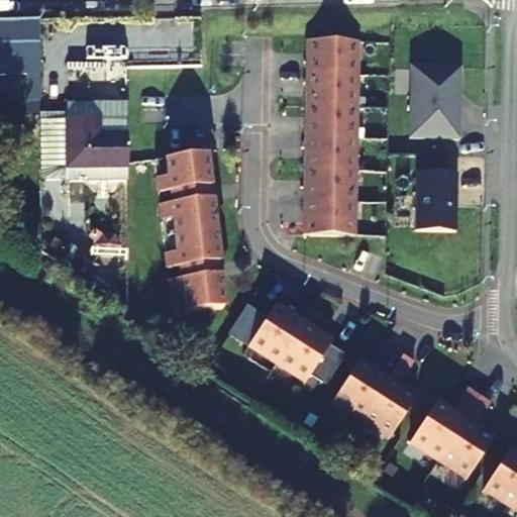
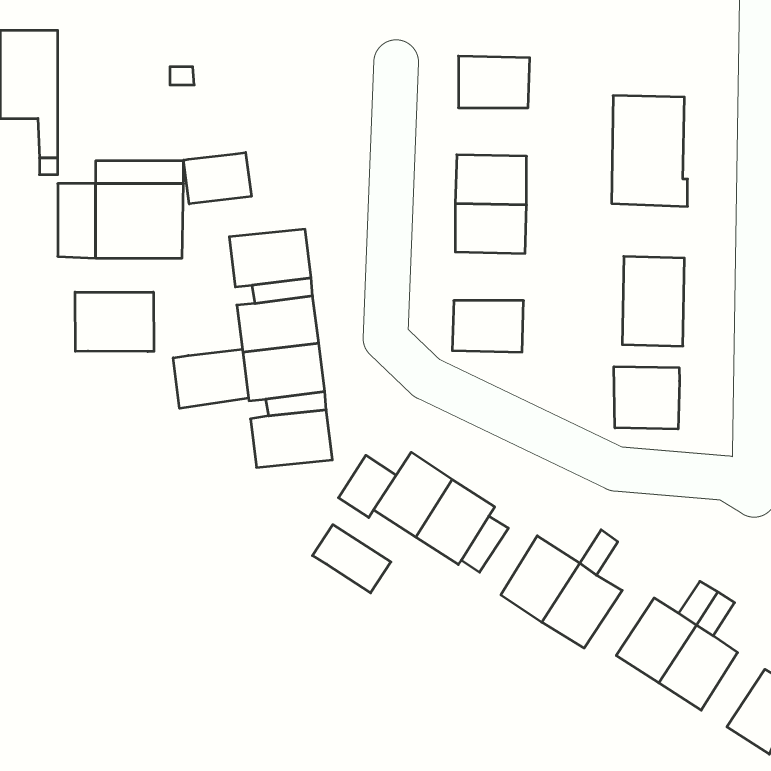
building: [307,75,354,107] -> none
building: none -> [184,152,251,204]
building: [305,171,352,203] -> none
building: none -> [75,292,154,352]
building: none -> [173,349,248,408]
building: none -> [614,367,679,429]
building: none -> [312,525,391,593]

